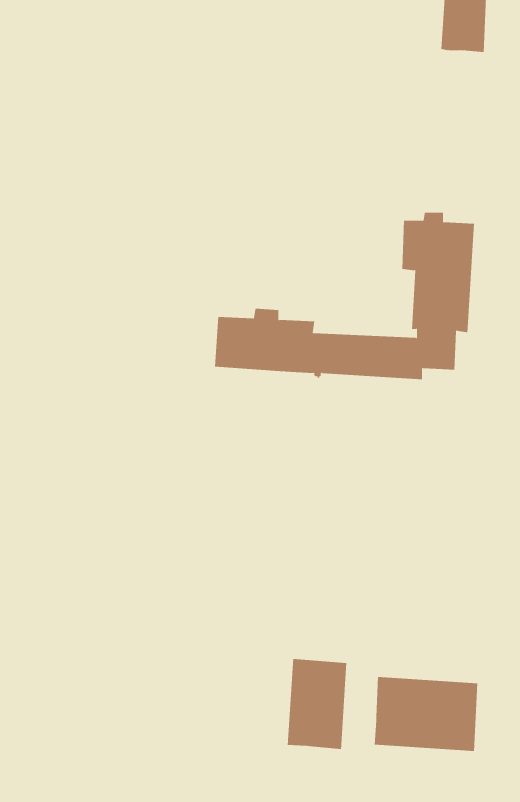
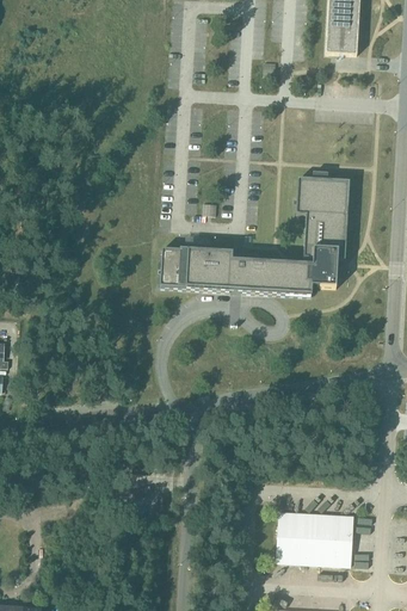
building: [287,658,347,750] -> none

